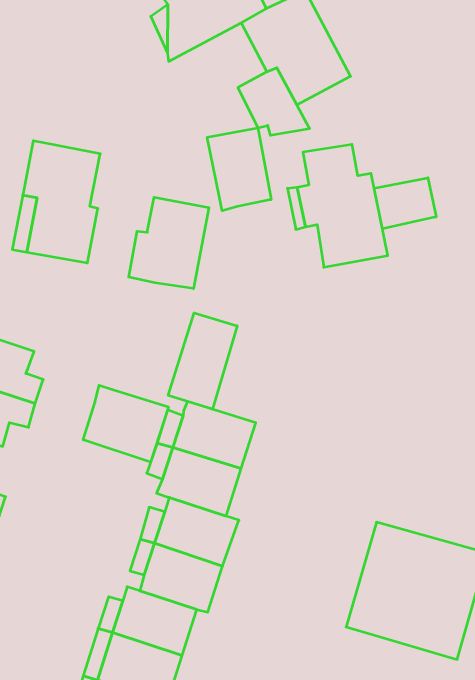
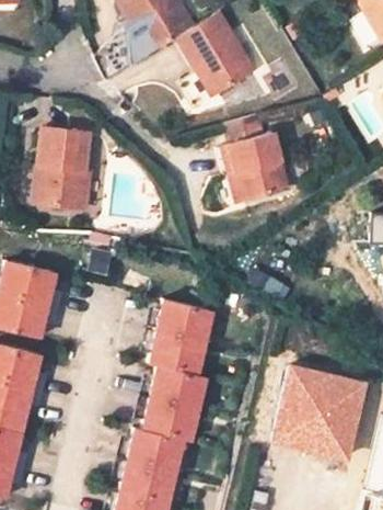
building: [207,128,271,211] -> none
building: [374,178,436,229] -> none
building: [129,197,209,289] -> none
building: [168,313,237,409] -> none
building: [83,385,168,462] -> none

